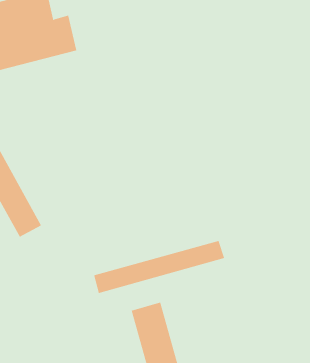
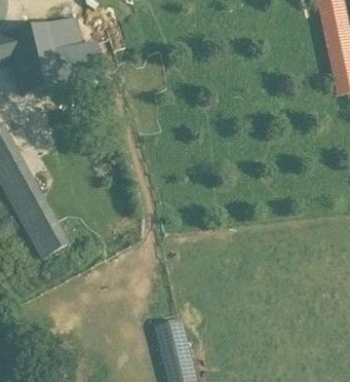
building: [93,240,225,294] -> none

